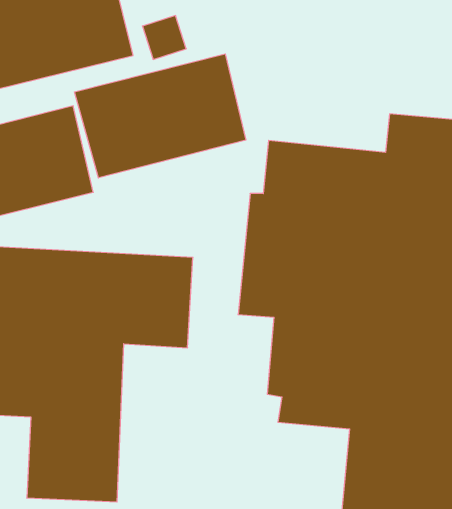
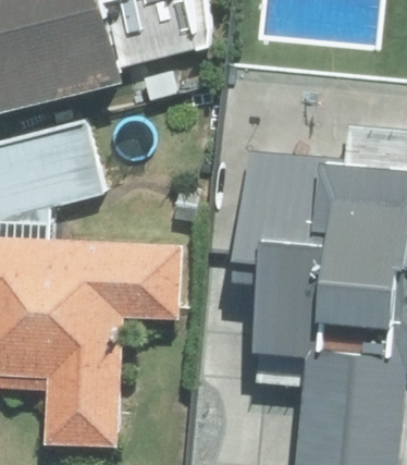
building: [75,54,246,178] -> none

